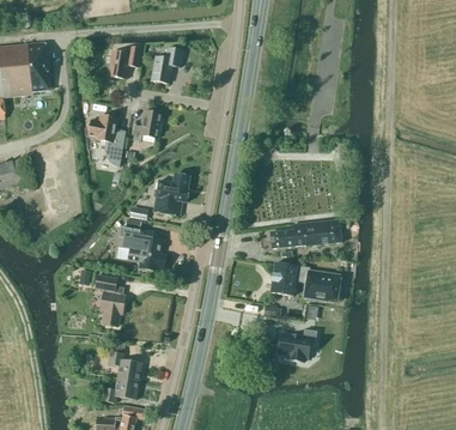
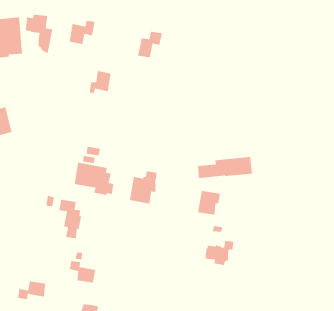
building: [151,48,183,83] -> [137,31,163,58]
building: [89,115,124,166] -> [25,14,53,54]
building: [153,172,189,216] -> [129,170,158,204]
building: [298,266,340,302] -> none
building: [102,377,139,402] -> [17,280,46,300]

